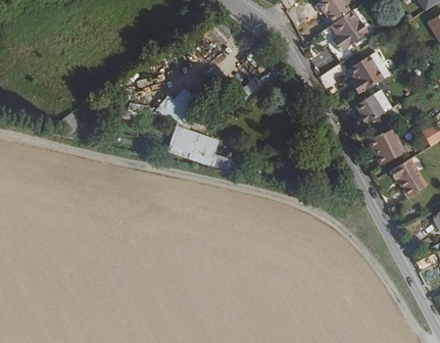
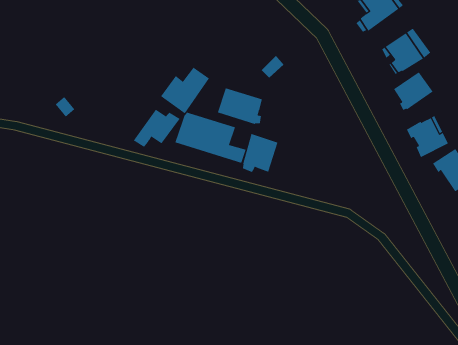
building: none -> [217,87,263,125]
building: none -> [133,109,181,147]
building: none -> [242,133,278,173]

